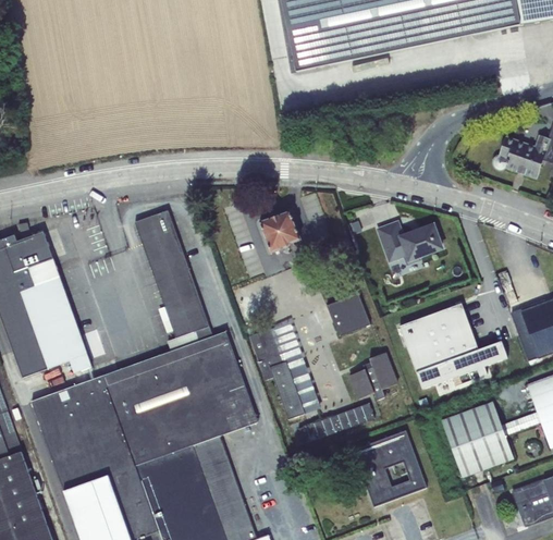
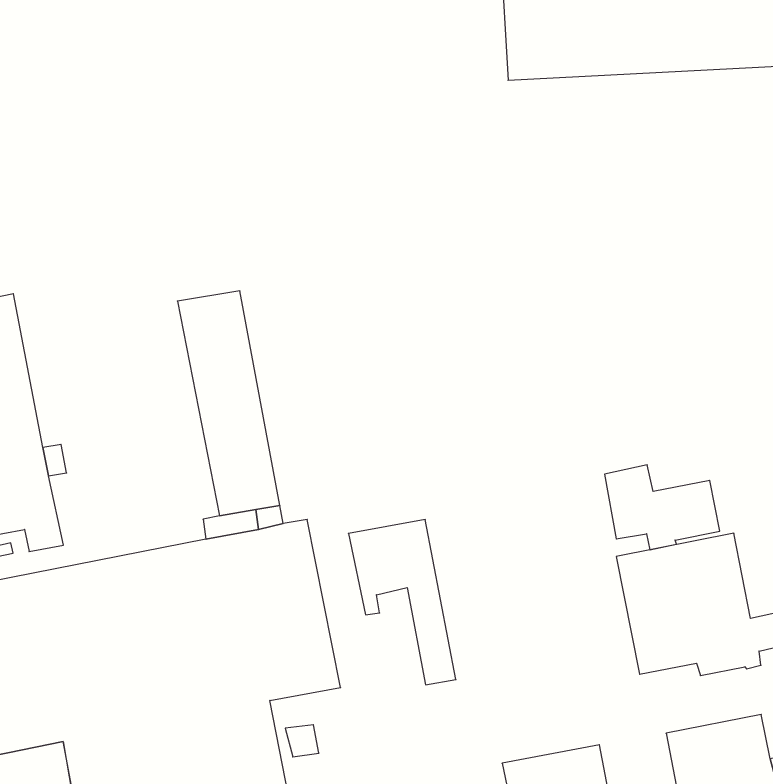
building: [259,210,299,251] -> none
building: [376,219,444,266] -> [605,465,720,550]
building: [325,293,370,335] -> none
building: [348,352,397,400] -> none
building: [269,360,304,418] -> none
building: [298,403,374,443] -> none

